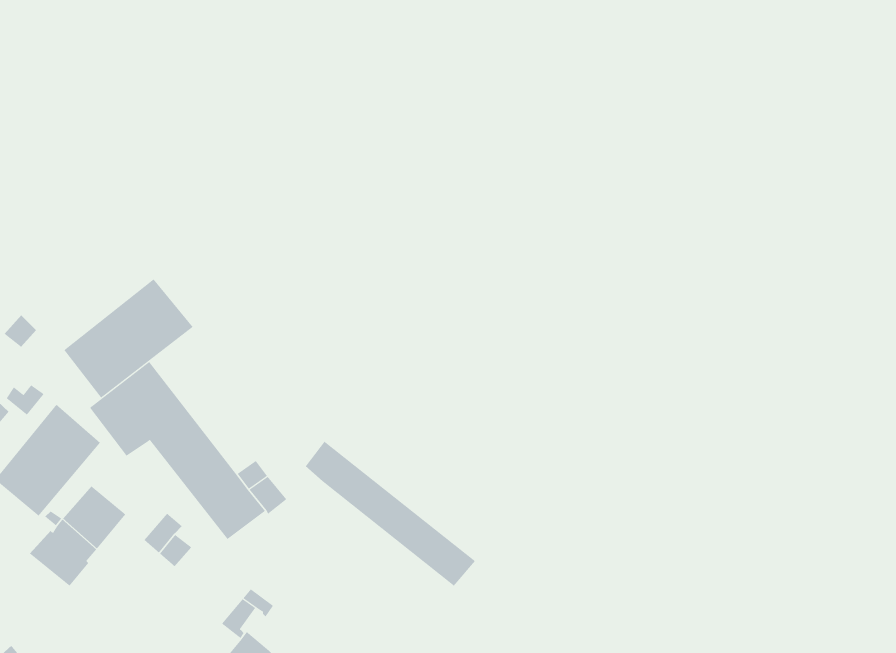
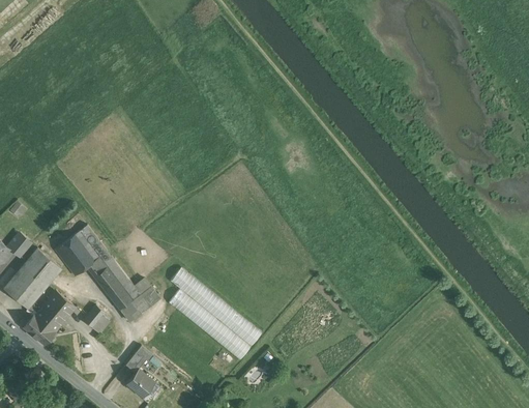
building: [63,279,193,398] -> none
building: none -> [168,289,249,358]

